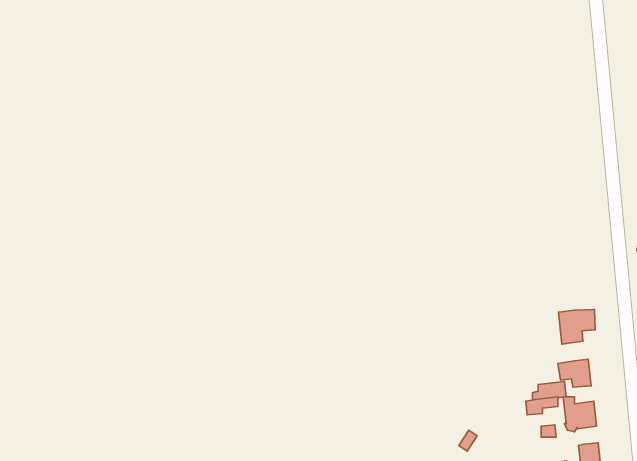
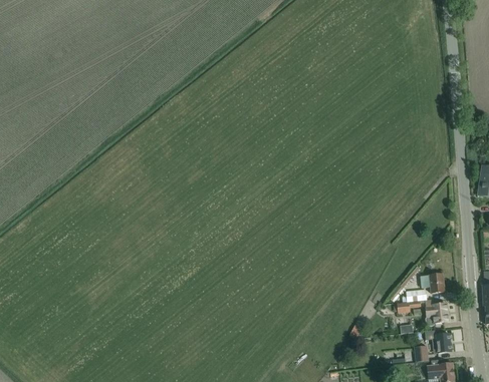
building: [558,309,595,344] -> none

